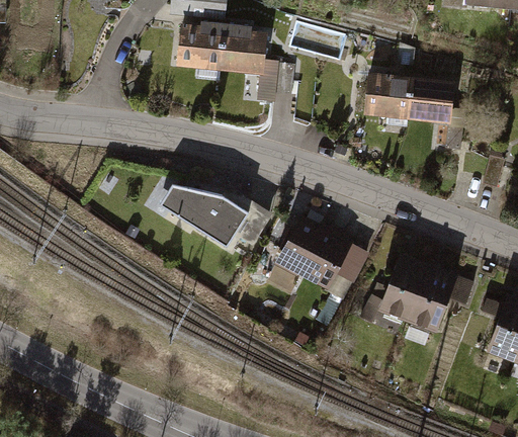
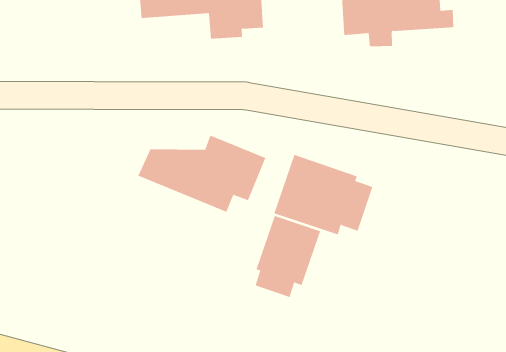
building: [362,251,474,335] -> none
building: none -> [255,215,321,298]

